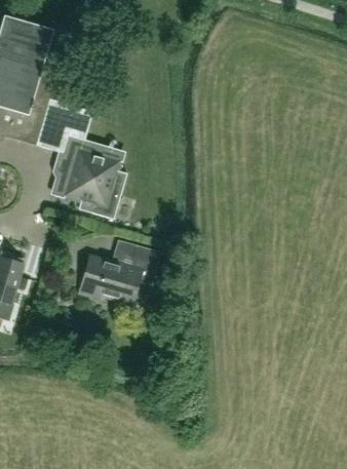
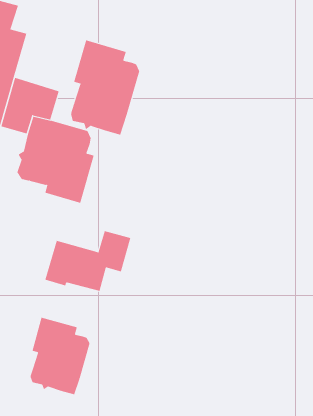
building: none -> [71,40,140,136]
building: none -> [30,317,90,395]

